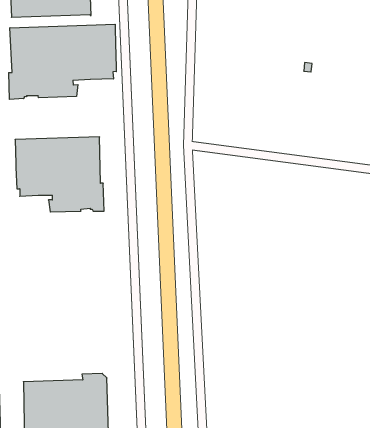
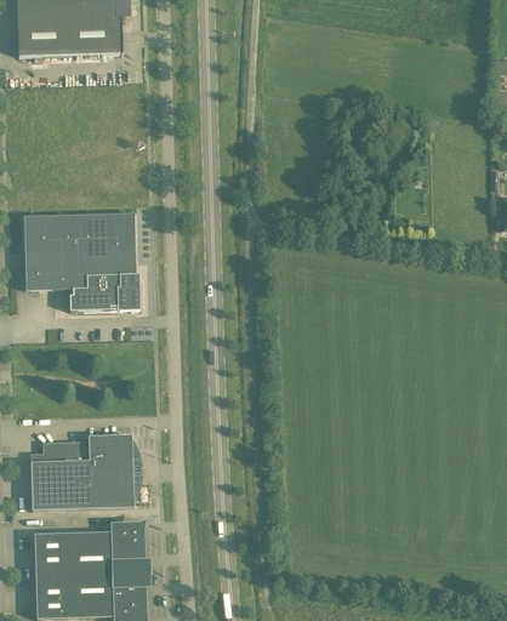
building: [9,24,116,99] -> none
building: none -> [30,434,142,509]

